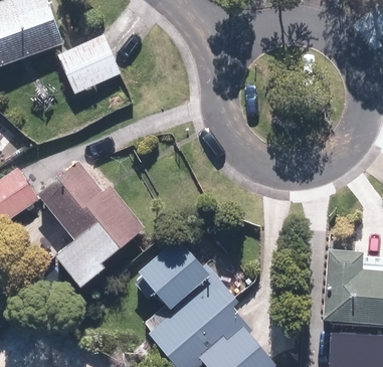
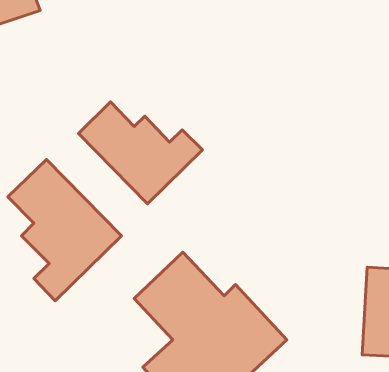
building: [63,39,118,91] -> none
building: none -> [79,102,203,204]

